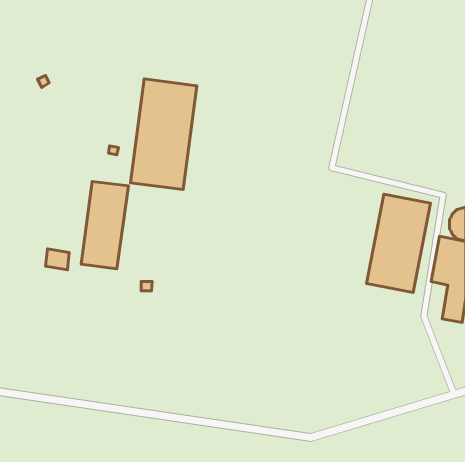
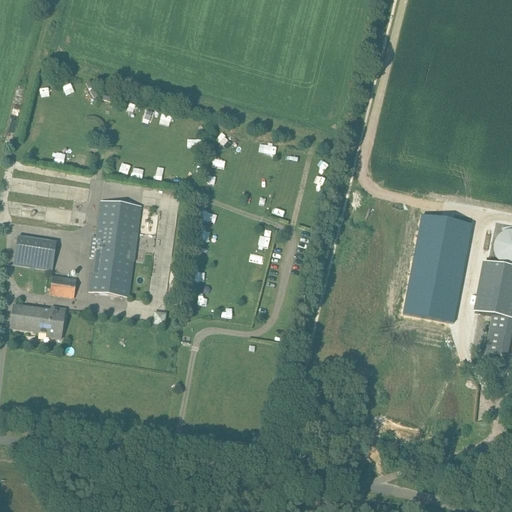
building: [130,79,197,190] -> none
building: none -> [14,234,58,268]
building: none -> [11,303,66,337]

